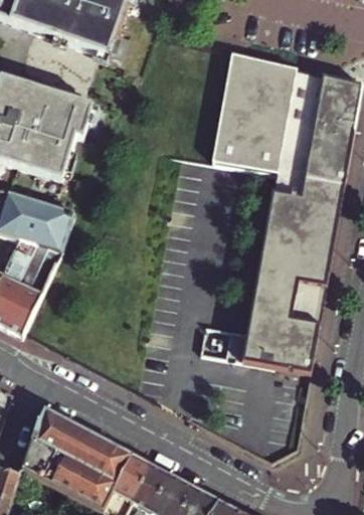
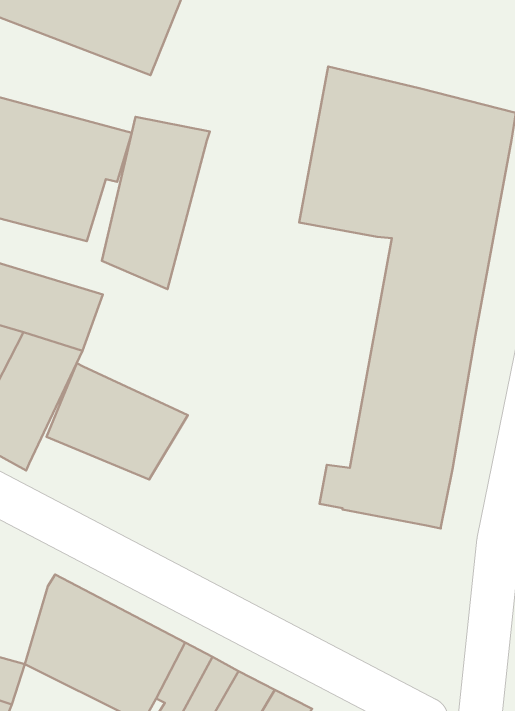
building: none -> [102,117,210,289]
building: none -> [46,363,188,479]

